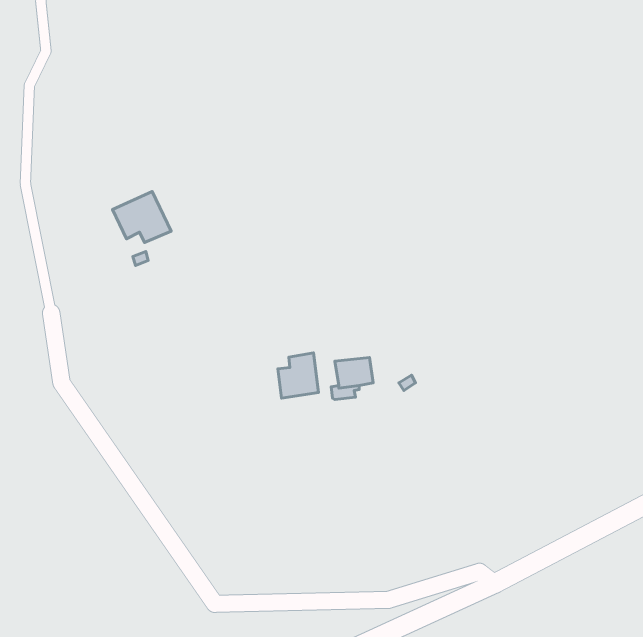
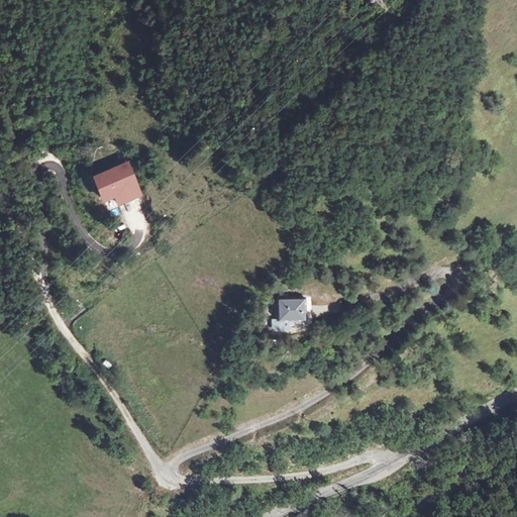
building: [278,353,318,398] -> none

